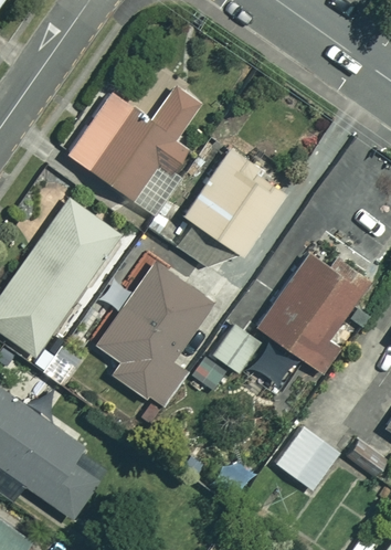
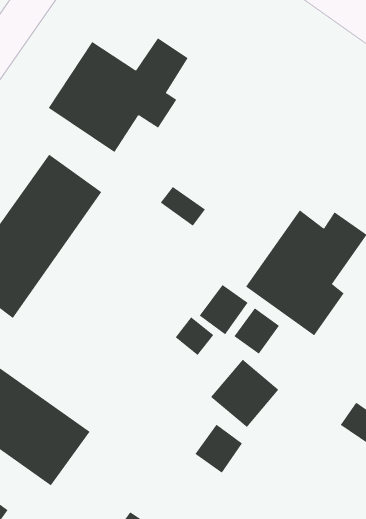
building: [184,152,286,256] -> none
building: [96,262,237,408] -> none
building: [273,426,339,493] -> [210,359,279,428]

